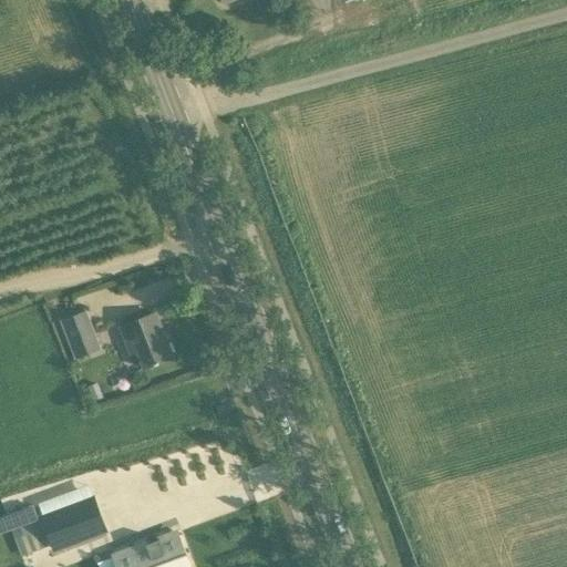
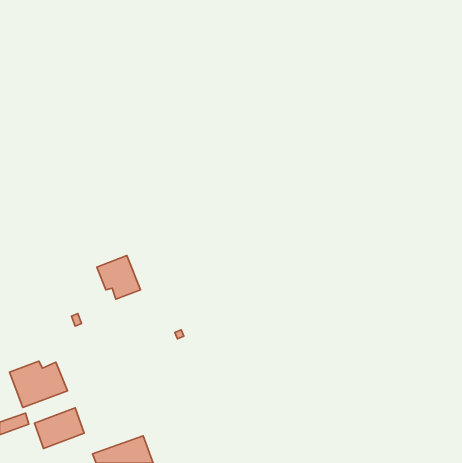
building: [59,310,100,359] -> none
building: none -> [9,361,67,408]

